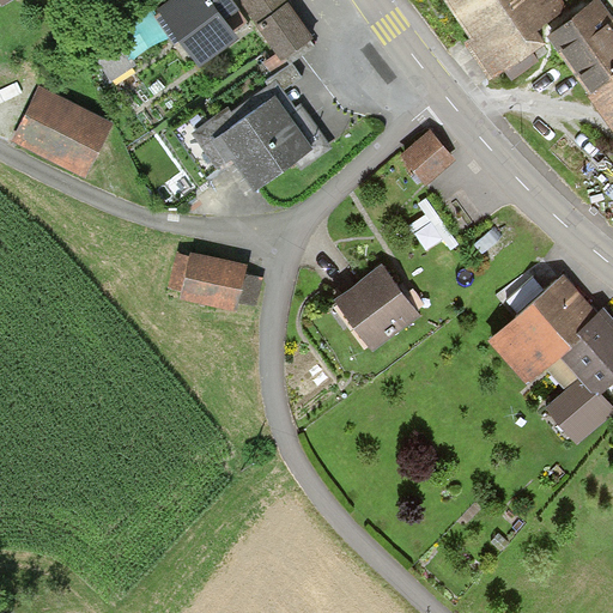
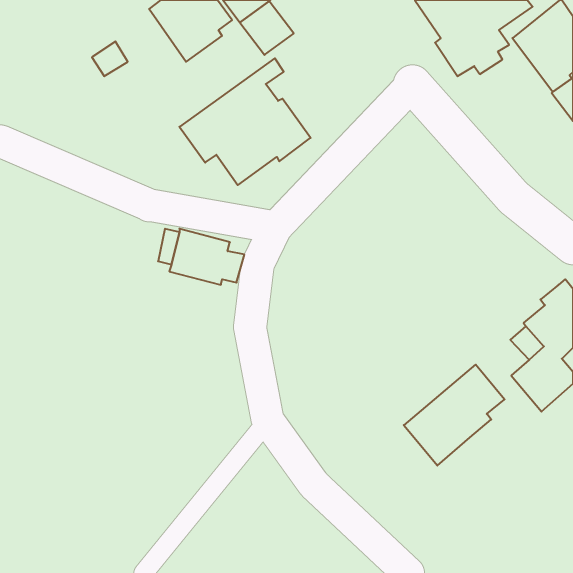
building: [13,89,111,177] -> none
building: [405,134,453,182] -> none
building: [488,267,596,375] -> [404,365,505,466]
building: [341,272,417,348] -> none

